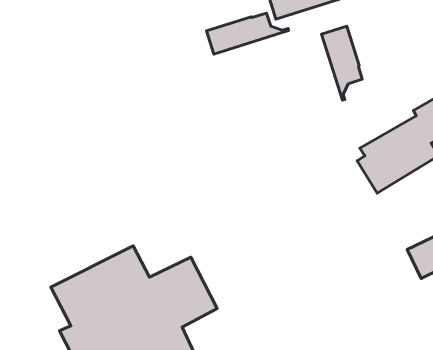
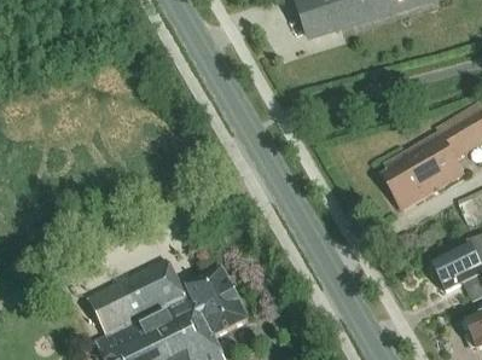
building: [206,13,289,54] -> none
building: [322,26,362,100] -> none

